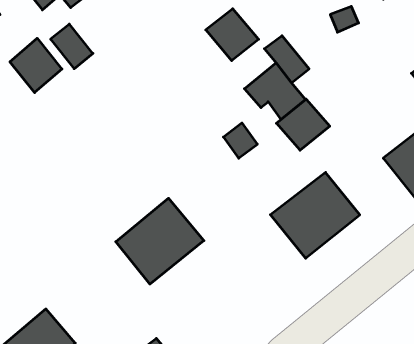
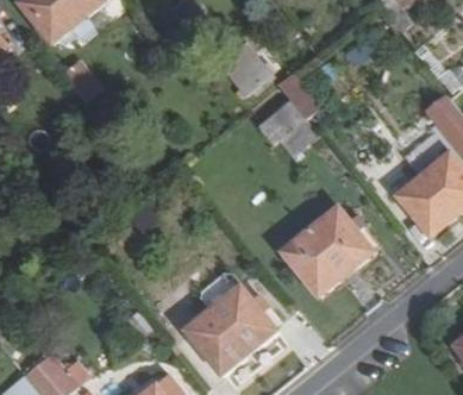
building: [10,38,62,93] -> none
building: [276,99,330,150] -> none
building: [116,198,204,284] -> [186,286,275,372]

